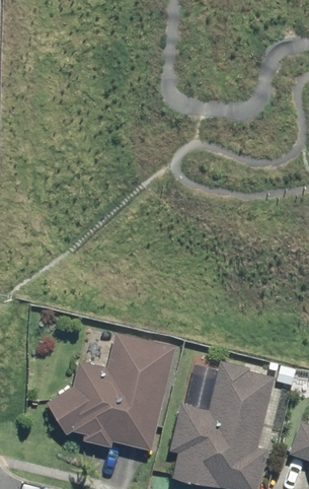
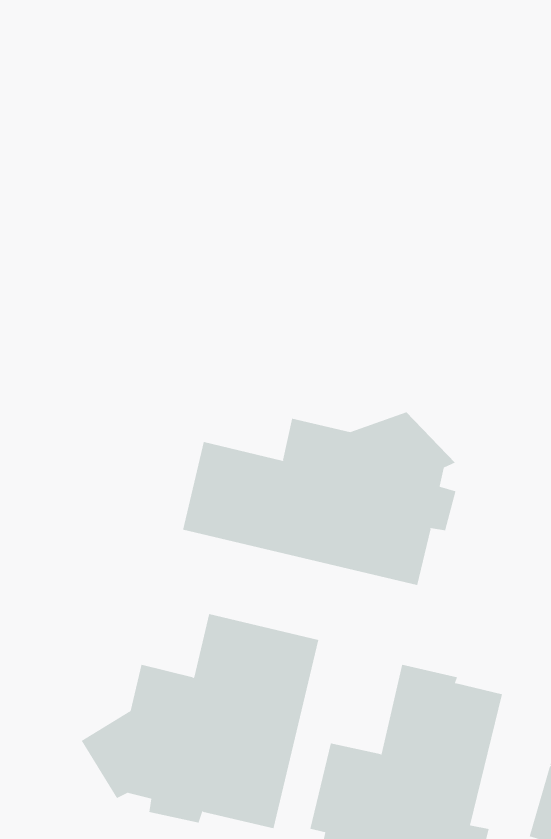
building: none -> [182,411,456,586]

